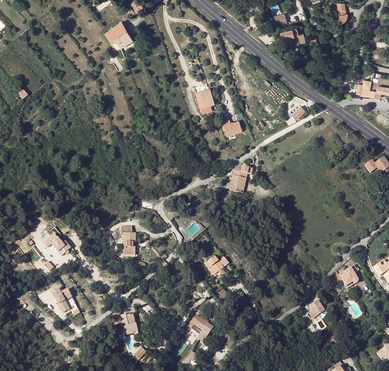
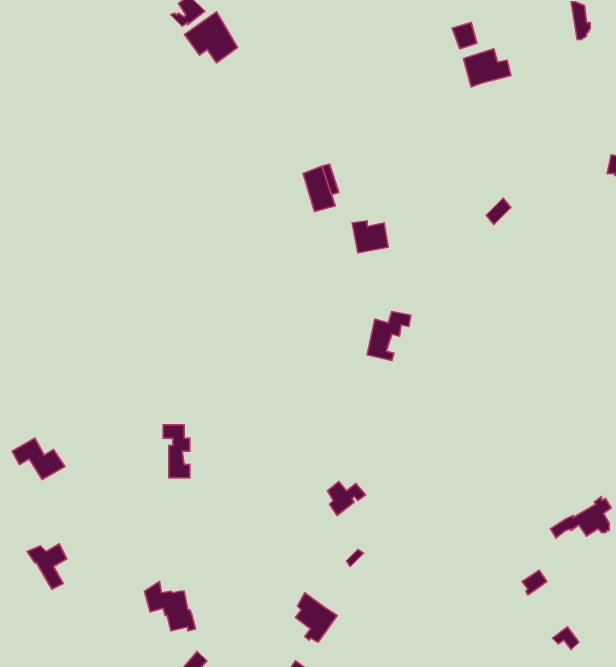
building: [104,21,132,48] -> [184,12,237,63]

